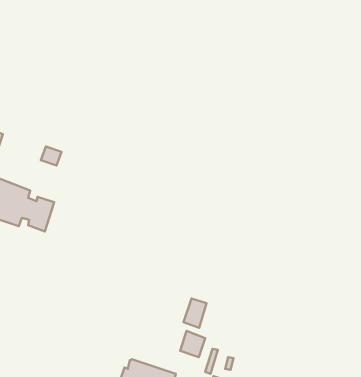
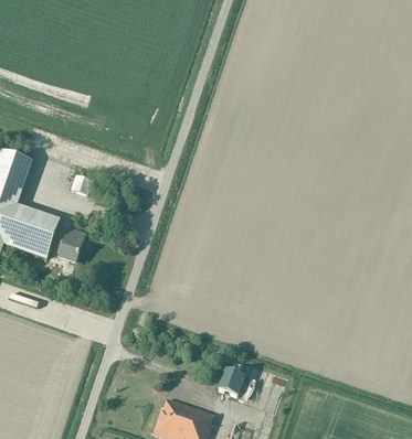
building: [184,298,206,328] -> none

